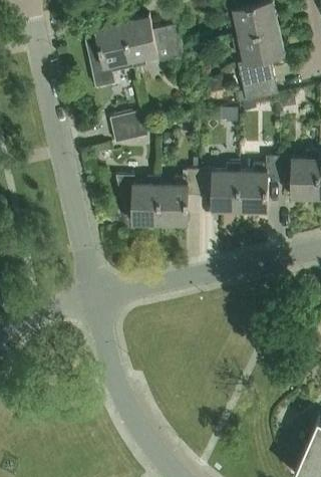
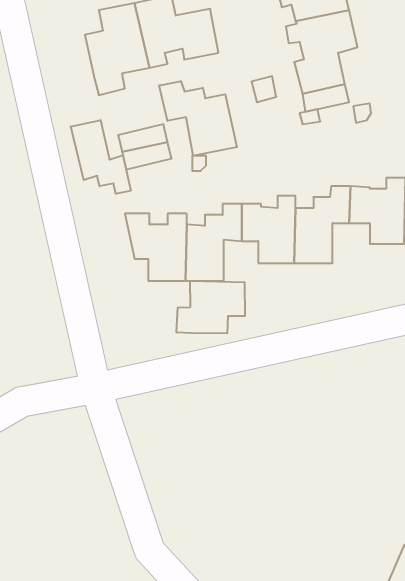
building: none -> [159,81,237,156]
building: none -> [71,120,131,194]
building: none -> [177,281,245,333]

